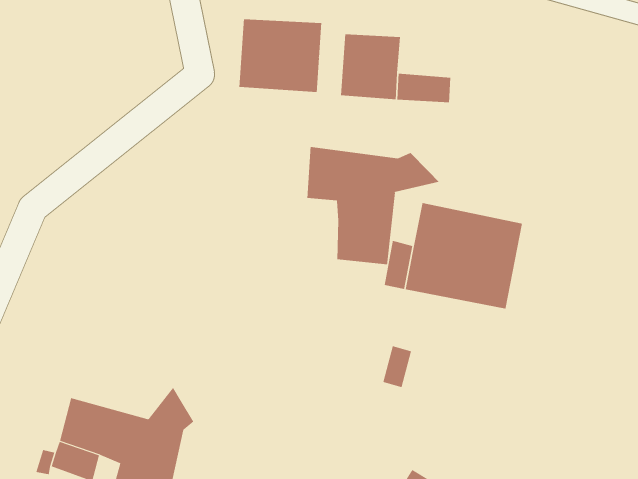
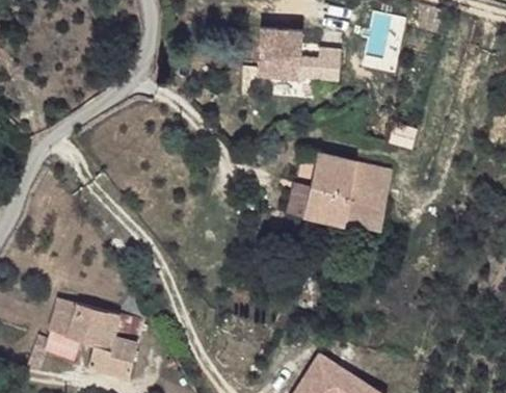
building: [239,18,322,93] -> none
building: [307,146,440,265] -> none

